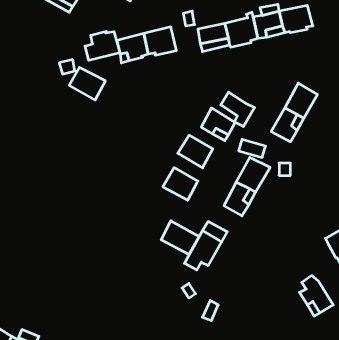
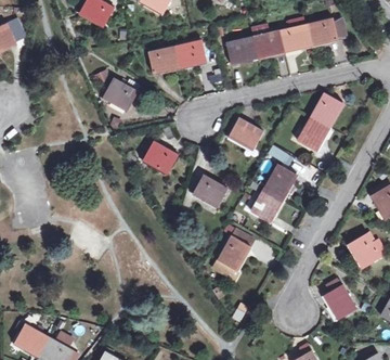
building: [85,31,120,60] -> none
building: [221,92,255,127] -> none
building: [178,135,213,168] -> [143,141,177,172]
building: [161,221,199,255] -> none

